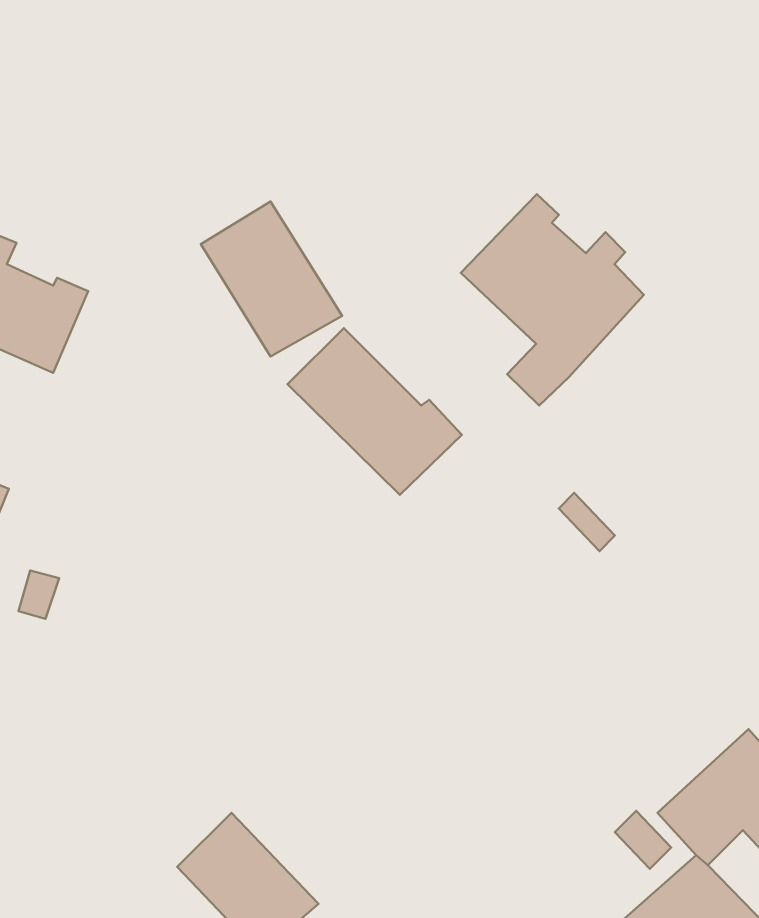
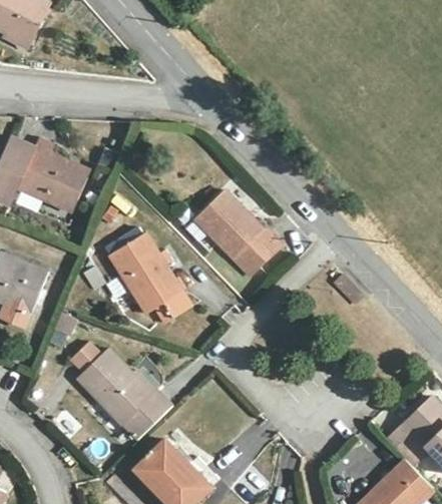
building: [461,194,644,406] -> none
building: [201,202,342,357] -> [108,232,181,313]
building: none -> [76,348,171,439]

